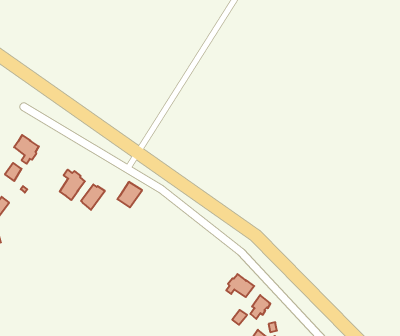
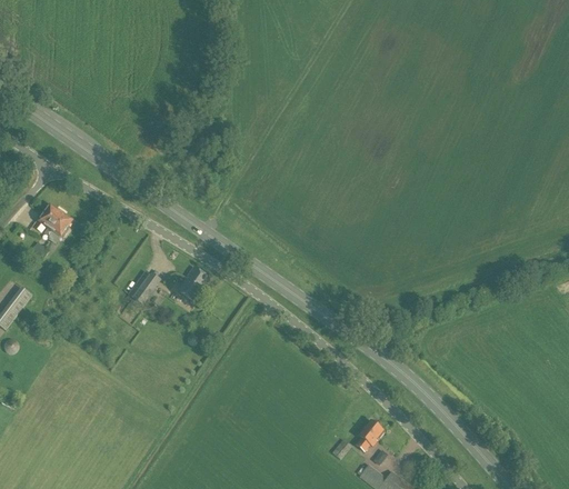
building: [60,170,85,200] -> none
building: [226,274,254,297] -> none

